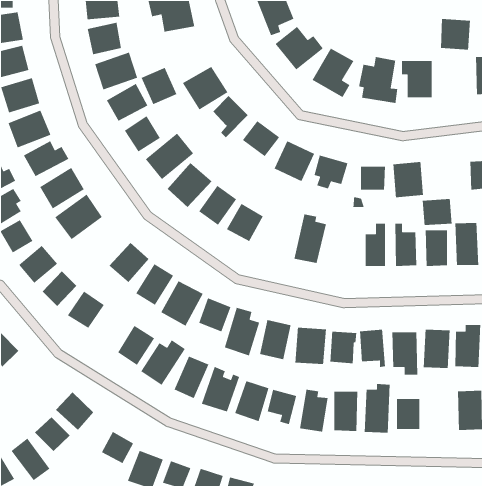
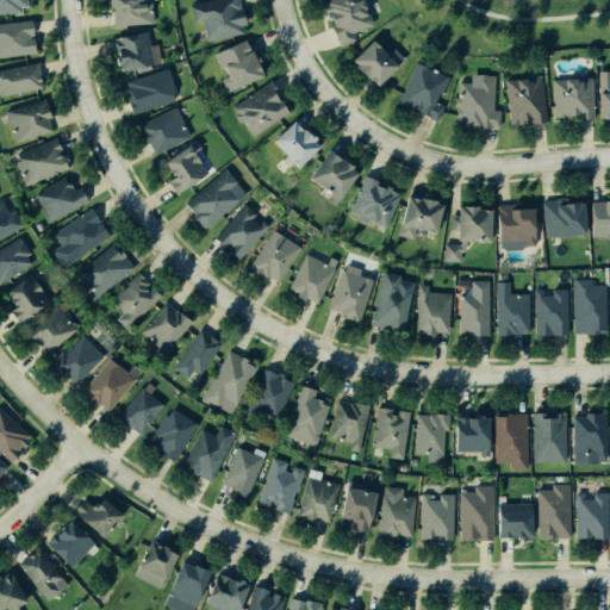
building: [440,18,471,51] -> [558,80,596,120]
building: [140,67,178,105] -> [217,39,263,87]
building: [422,198,452,226] -> [546,201,584,236]
building: none -> [330,262,379,323]
building: none -> [111,276,162,329]
building: none -> [416,282,452,336]
building: none -> [119,388,168,438]
building: none -> [539,487,572,543]

